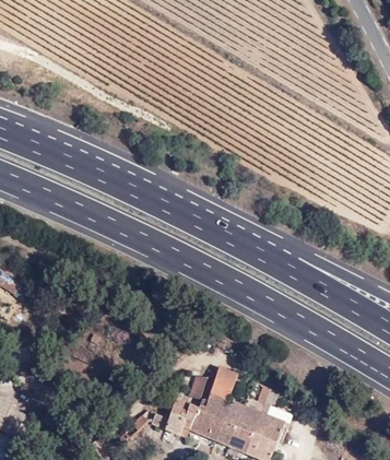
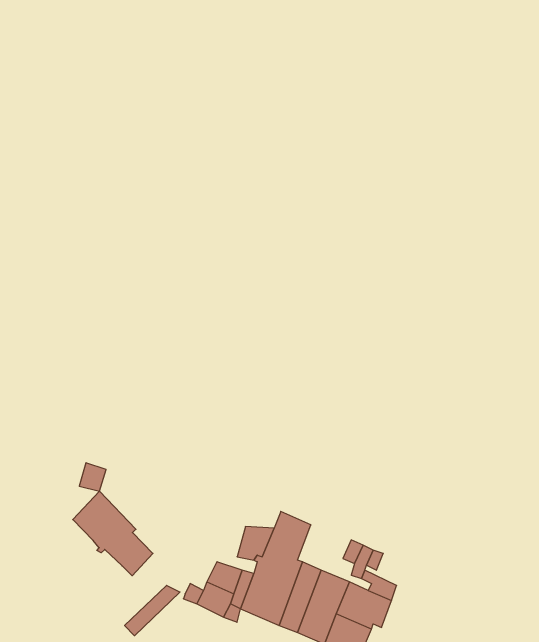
building: none -> [73,491,153,576]

